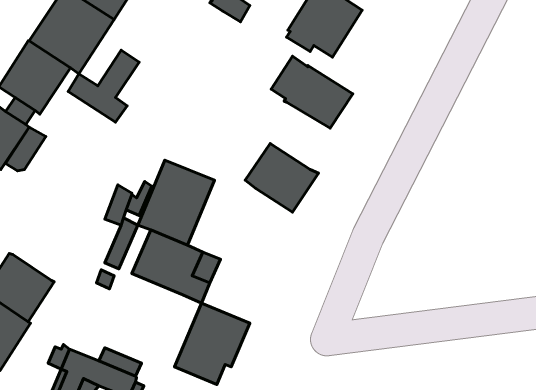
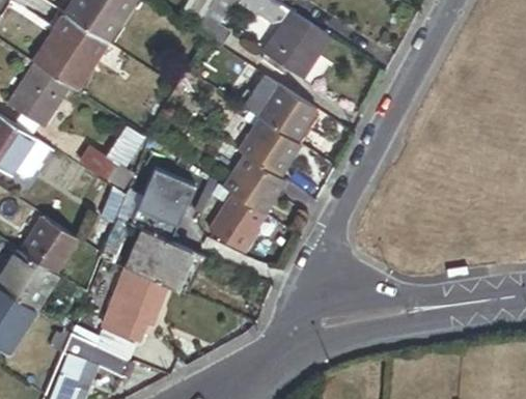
building: [68,50,139,122] -> [81,126,143,190]
building: none -> [240,117,304,176]
building: none -> [209,193,269,252]
building: none -> [20,217,77,274]
building: [174,303,250,385] -> [103,268,169,340]

